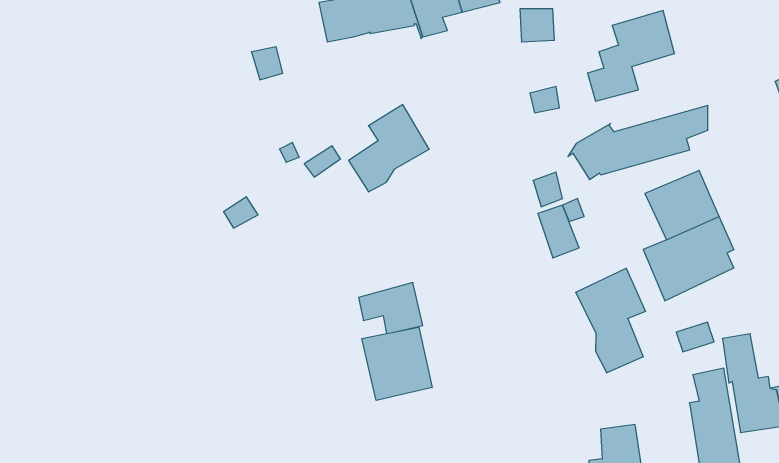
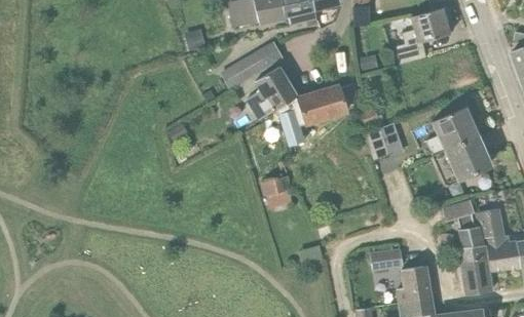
building: none -> [223,43,283,87]
building: [568,105,708,180] -> [270,82,358,128]
building: [576,268,645,373] -> none
building: [362,327,432,400] -> none
building: none -> [371,249,402,270]

